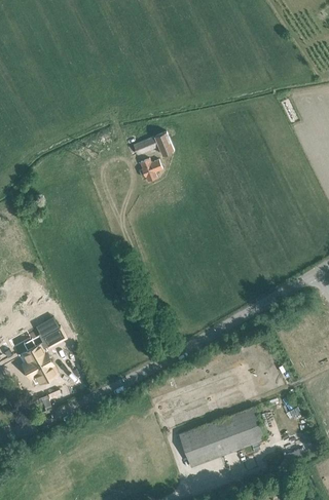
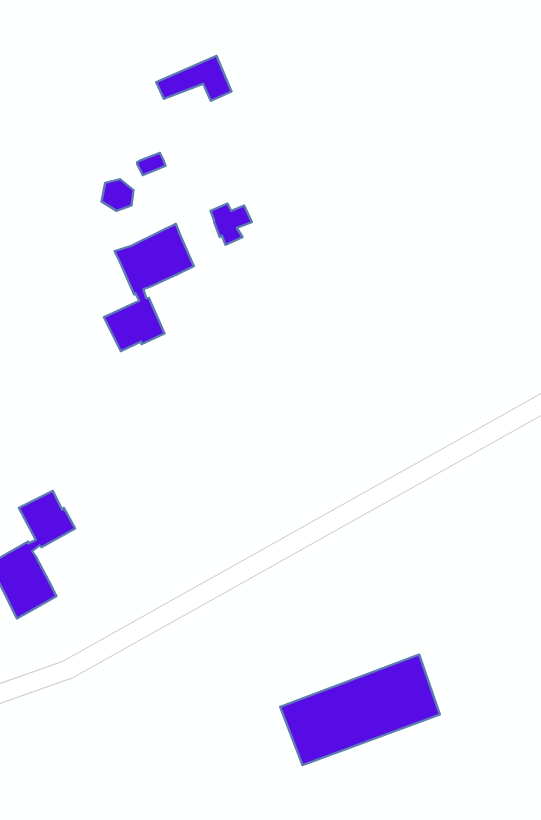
building: [133,132,174,157] -> [156,56,231,101]
building: none -> [104,224,194,351]

